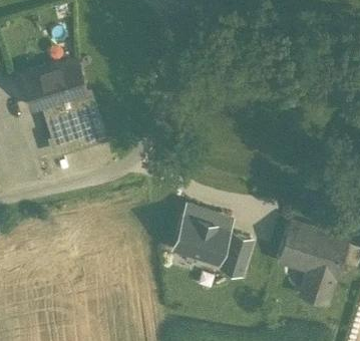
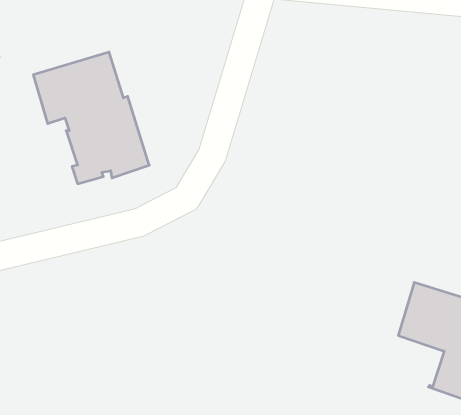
building: [165,205,256,274] -> none

